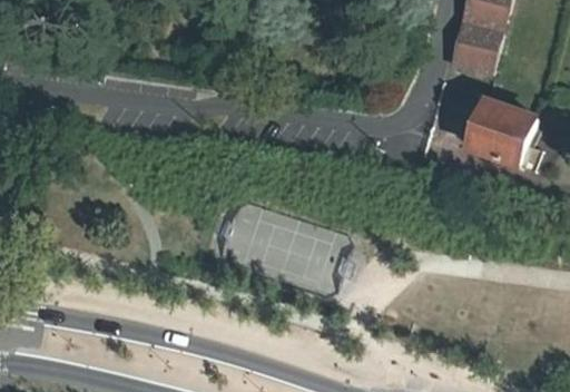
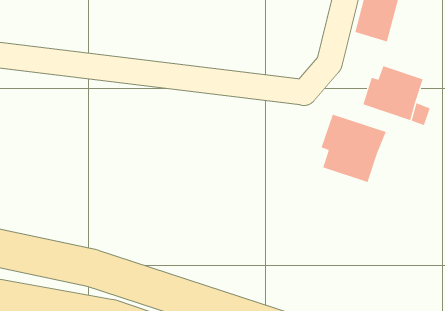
building: none -> [321,114,386,183]

